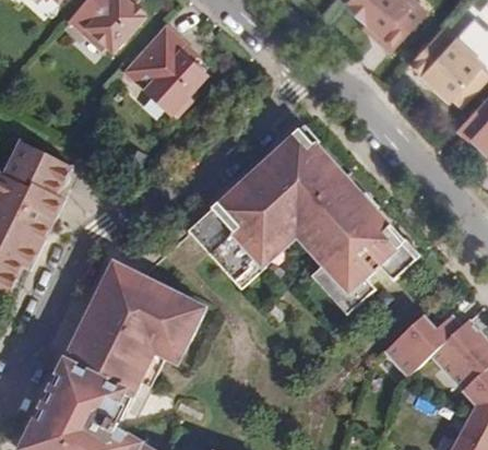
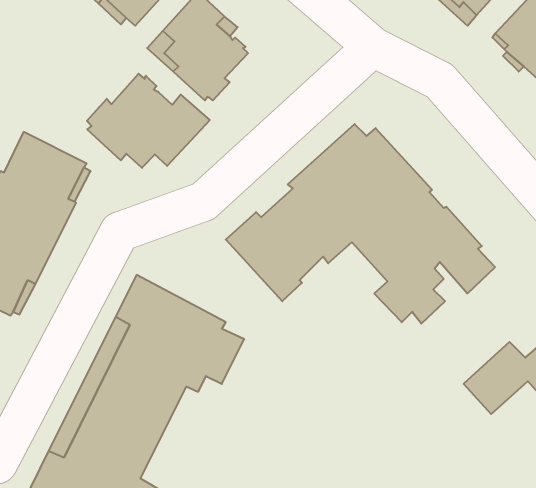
building: none -> [87,74,210,168]

